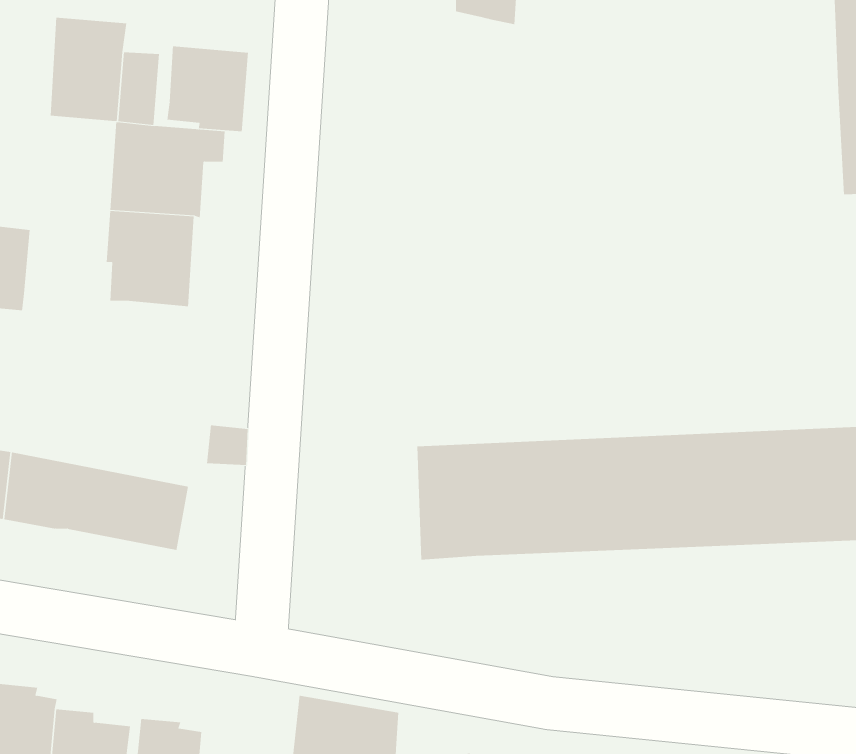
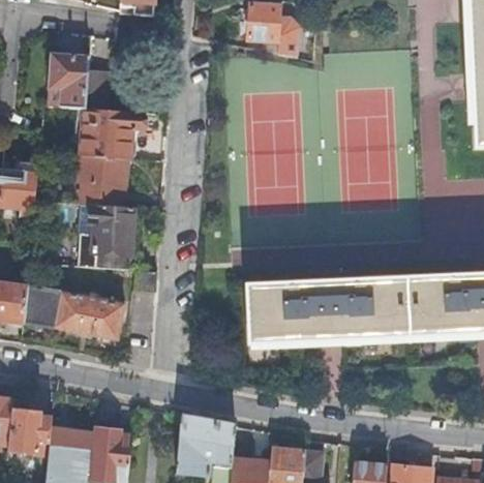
building: [167,46,249,132] -> none
building: none -> [78,205,133,271]

